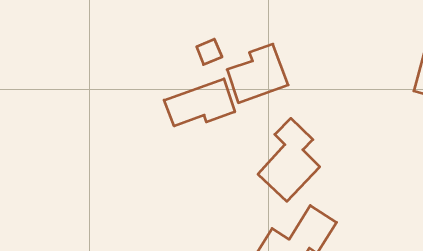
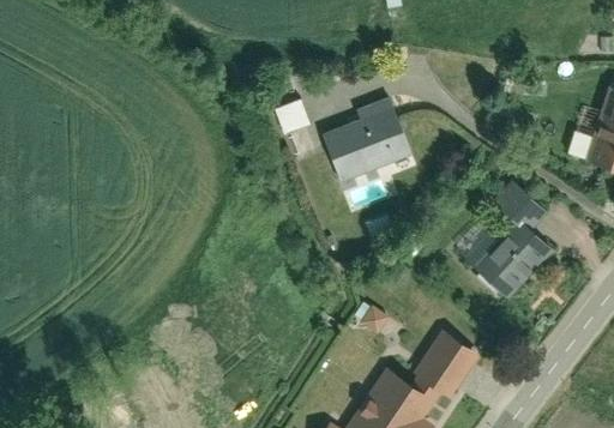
building: [164,79,235,126] -> none
building: [258,118,320,201] -> [468,181,555,299]

